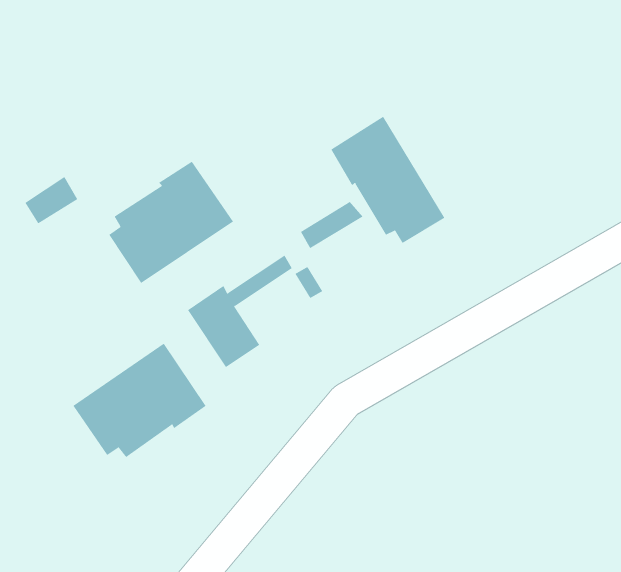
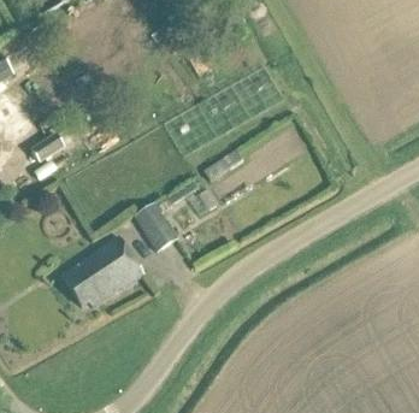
building: [330,116,445,244] -> none
building: [108,161,234,284] -> none

